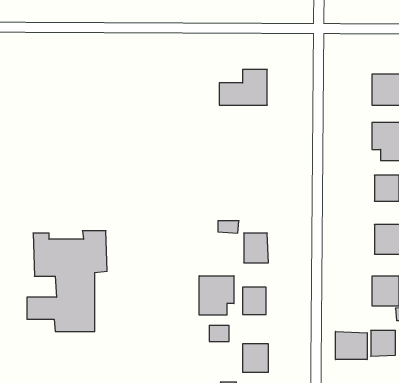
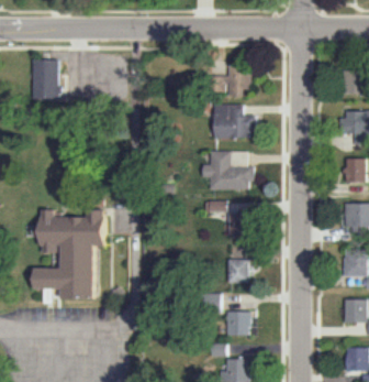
building: none -> [30,58,57,98]
building: none -> [212,105,254,138]
building: none -> [202,152,249,190]
building: [199,276,234,315] -> none
building: [336,331,367,360] -> none

